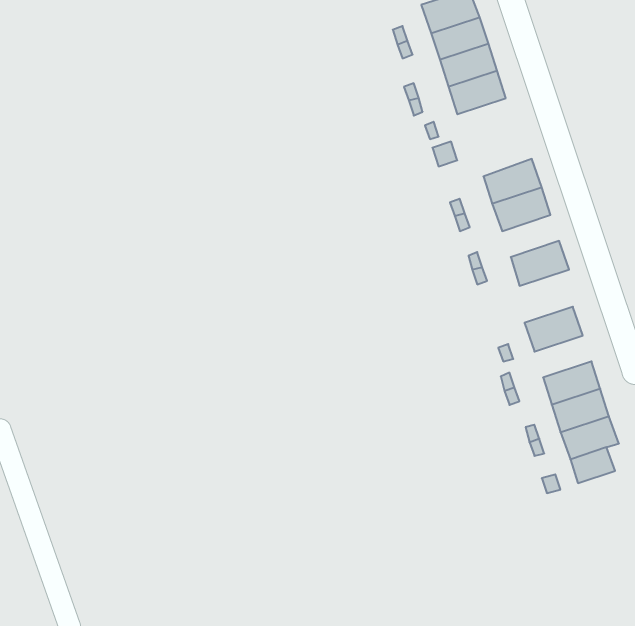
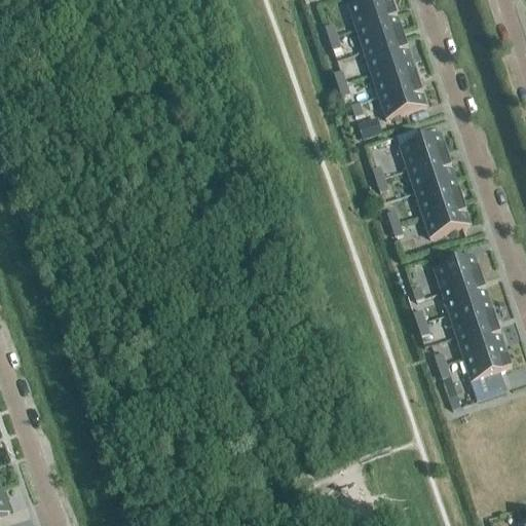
building: none -> [378,81,426,117]
building: none -> [415,178,462,213]
building: none -> [442,277,489,312]

